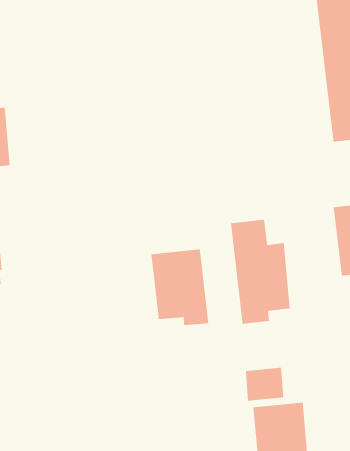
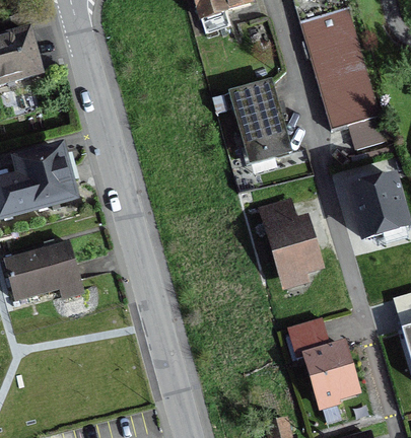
building: none -> [228,81,290,165]
building: [151,248,209,326] -> none

